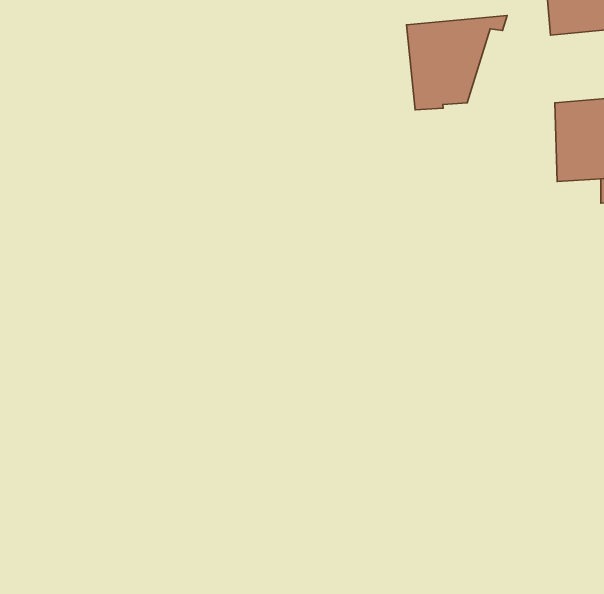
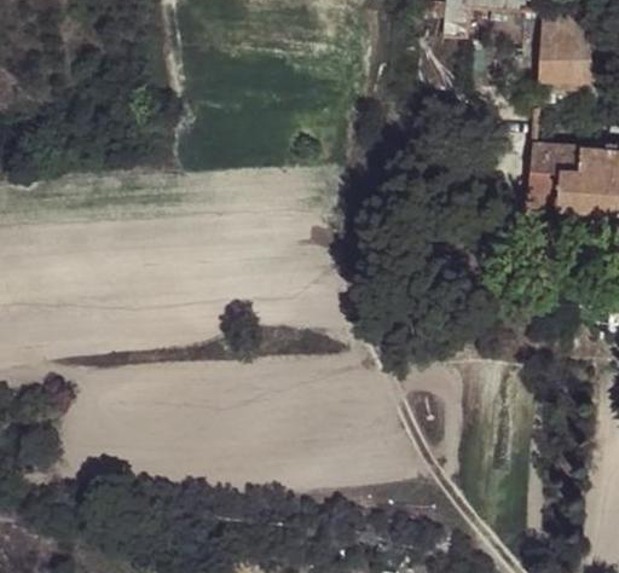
building: [406,16,507,110] -> none

